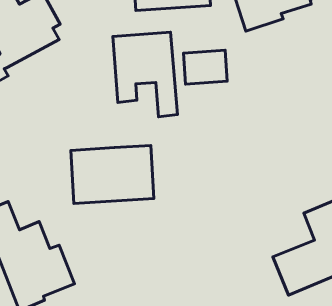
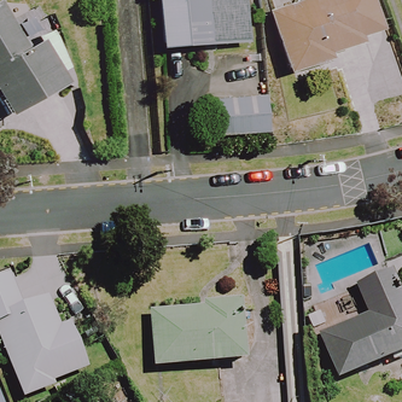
building: [113,32,178,117] -> none
building: [71,145,154,204] -> [152,297,249,365]

